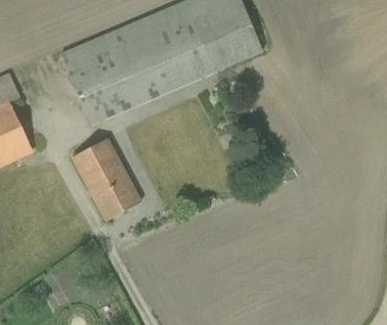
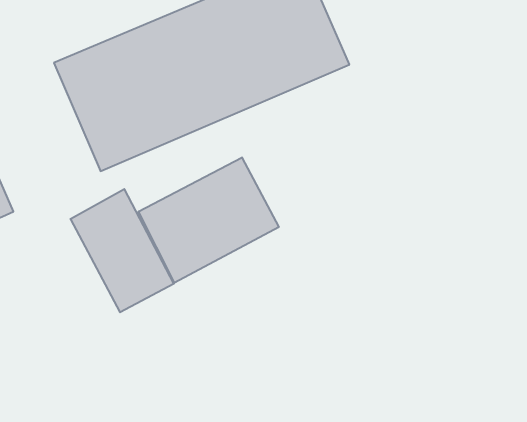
building: none -> [139,157,279,283]

